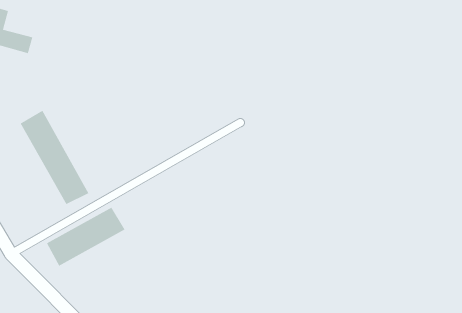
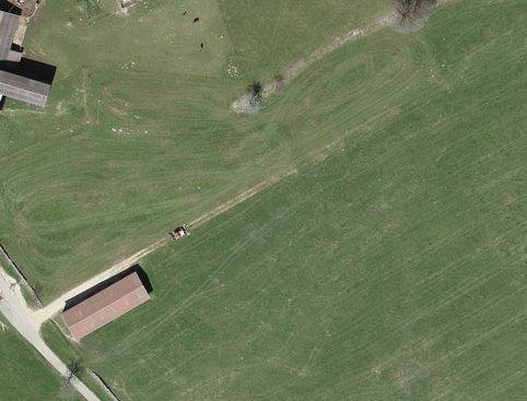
building: [20,110,89,205] -> none

